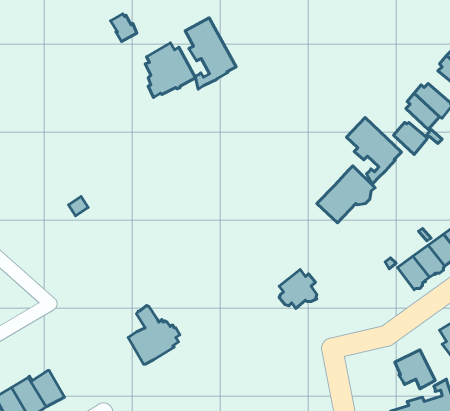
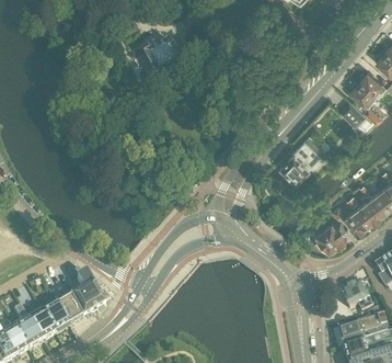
building: [185,18,236,89] -> none
building: [346,118,401,184] -> none
building: [279,269,317,309] -> [315,217,345,248]
building: [128,305,180,364] -> [69,270,109,316]

